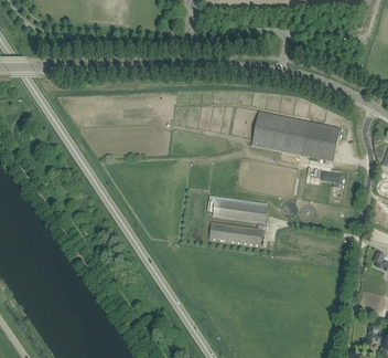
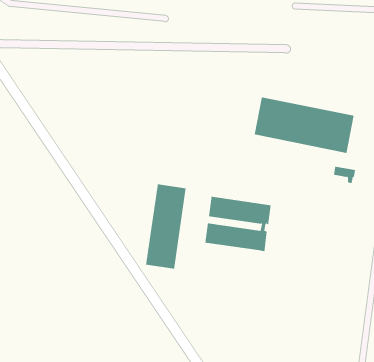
building: none -> [145,184,186,270]

